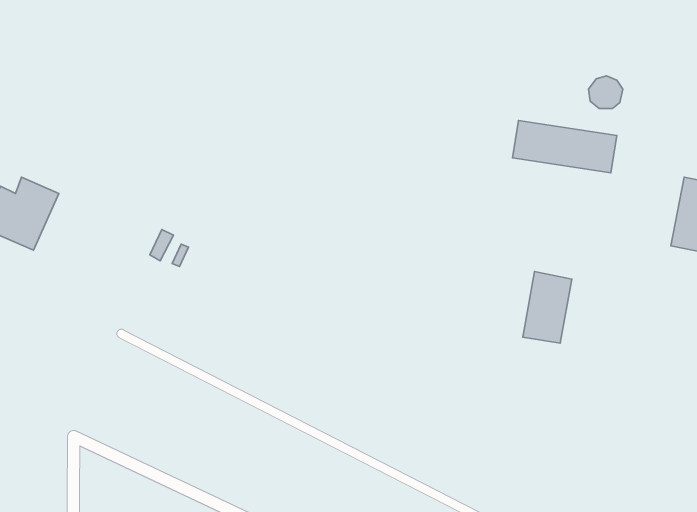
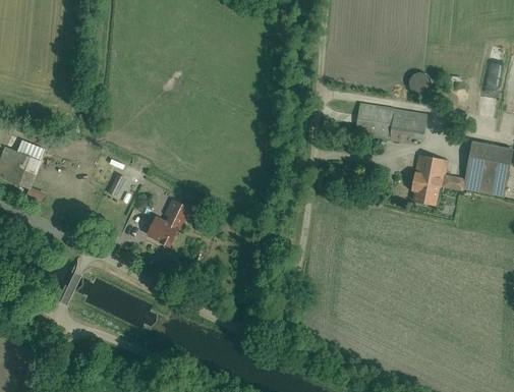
building: none -> [147,201,187,247]
building: [523,272,572,343] -> [411,156,445,205]

